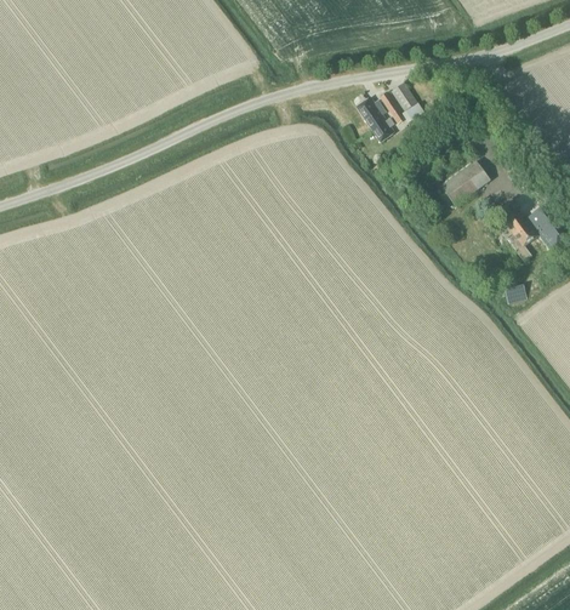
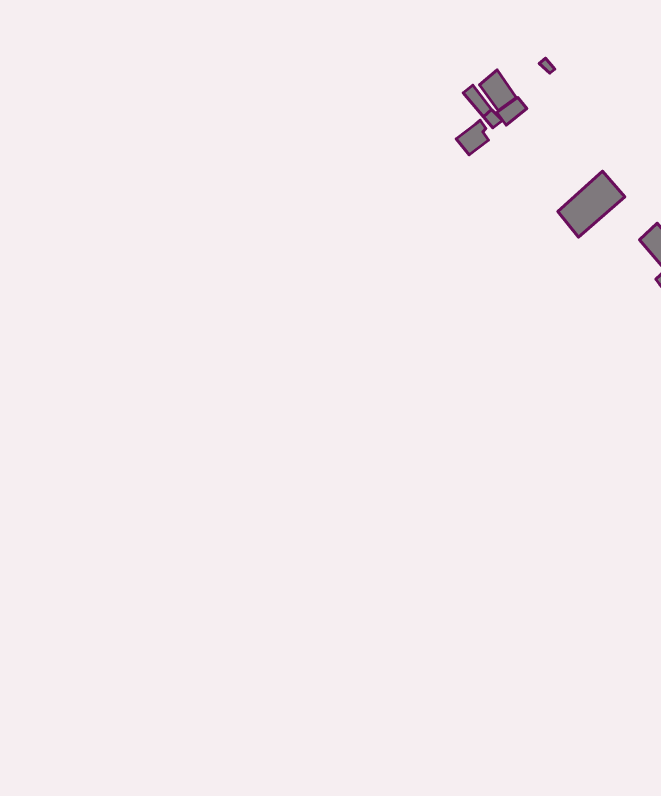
building: [355,96,386,129] -> none

